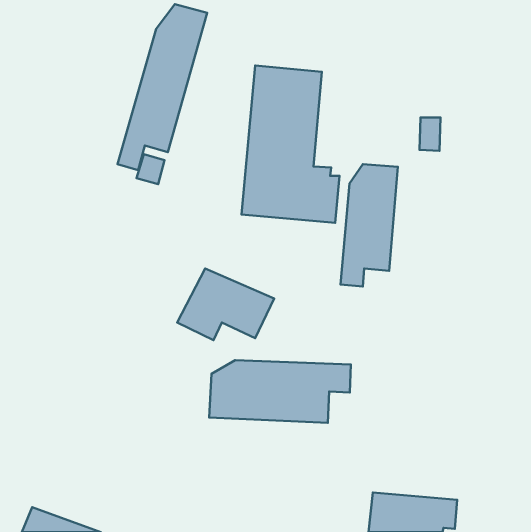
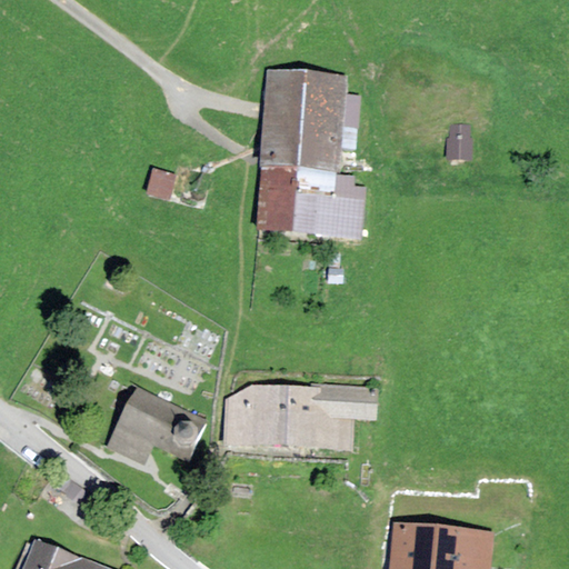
building: [118,4,207,170] -> none
building: [340,164,398,287] -> none
building: [177,268,274,340] -> [106,388,209,465]

